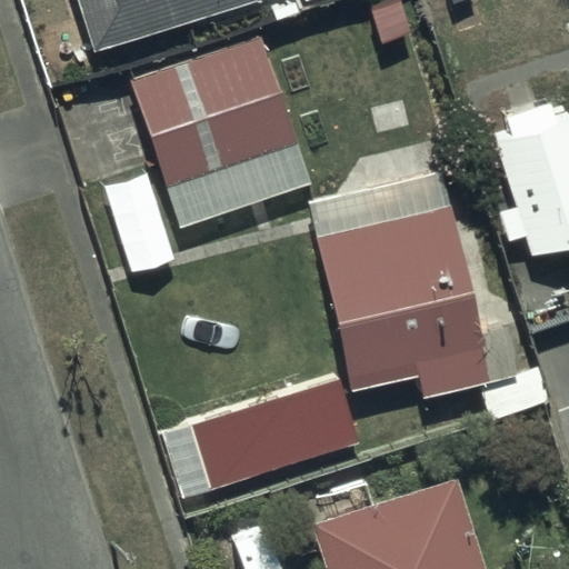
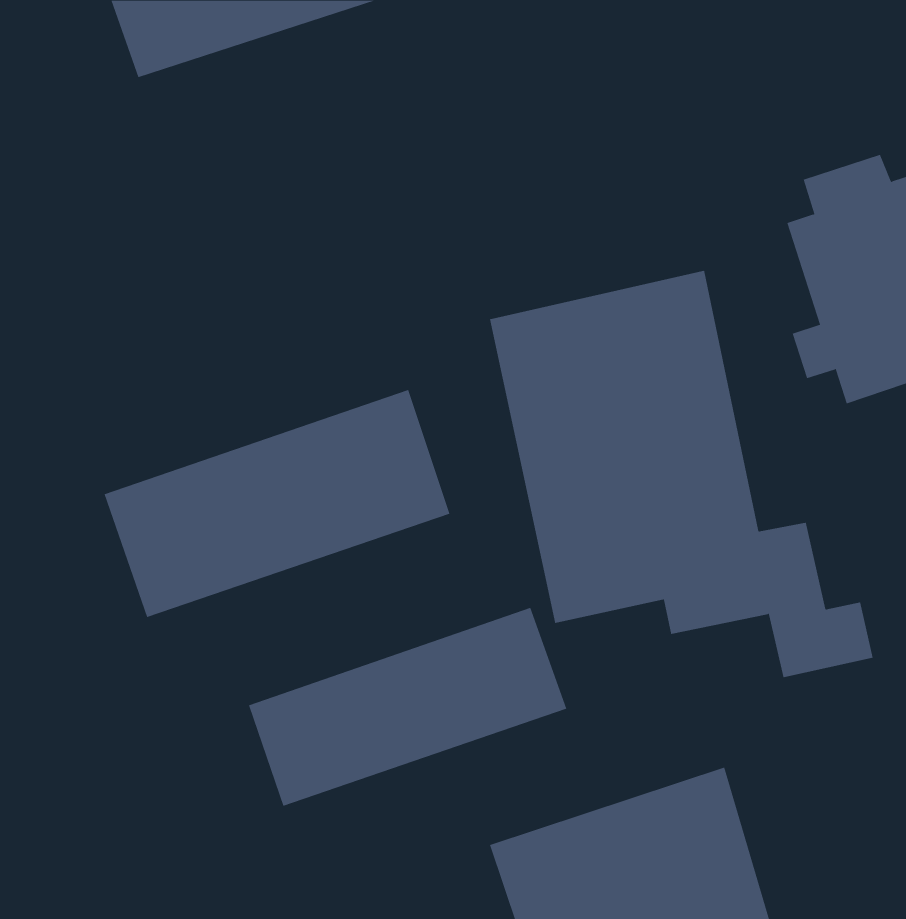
building: [132,40,311,228] -> none
building: none -> [104,389,450,618]

